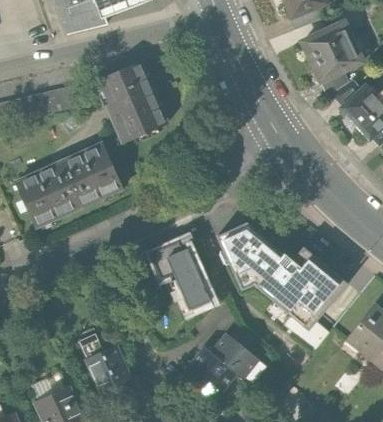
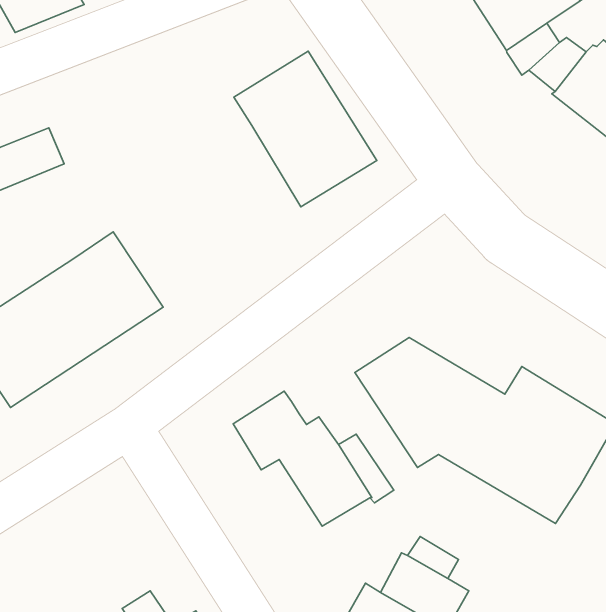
building: [97,61,166,141] -> [234,51,377,207]

